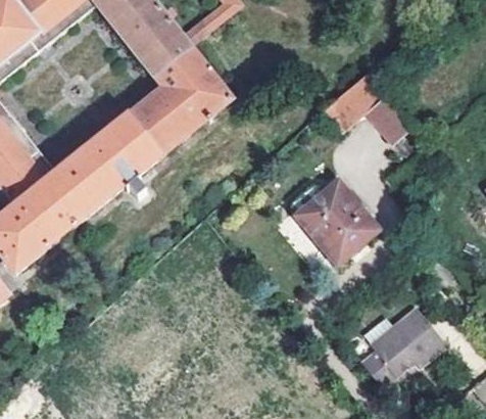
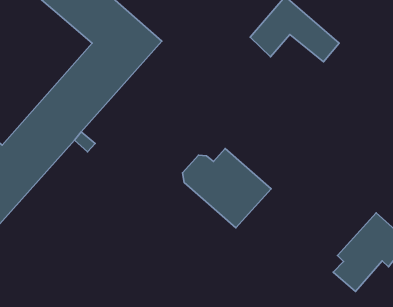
building: [292,181,380,264] -> [182,149,271,228]

